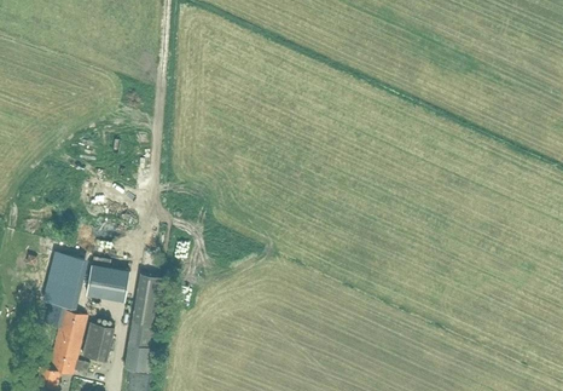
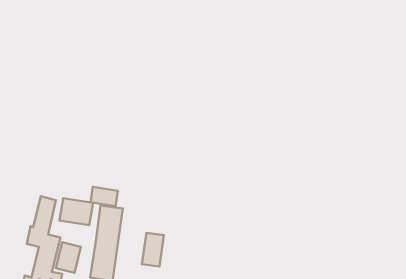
building: none -> [90,187,118,206]
building: none -> [142,233,164,266]

